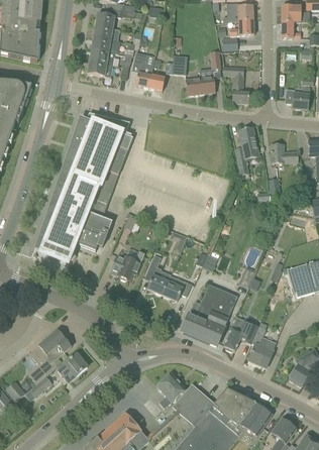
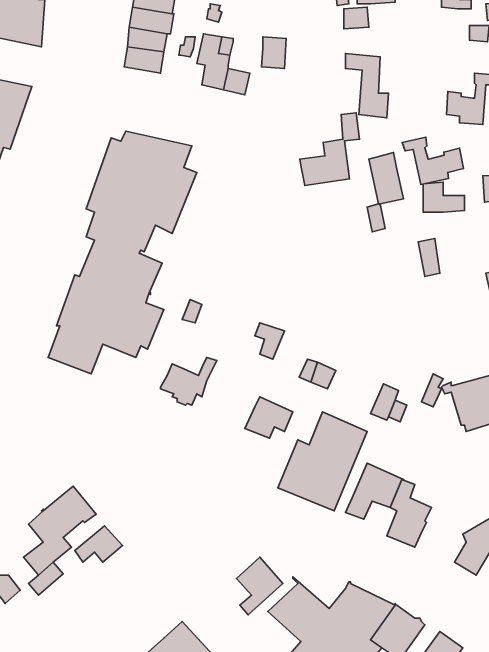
building: [185,50,221,95] -> [300,113,359,185]
building: none -> [402,137,464,184]
building: [143,253,171,294] -> none

